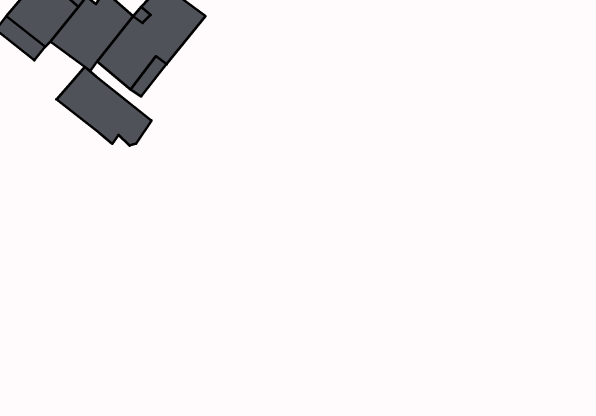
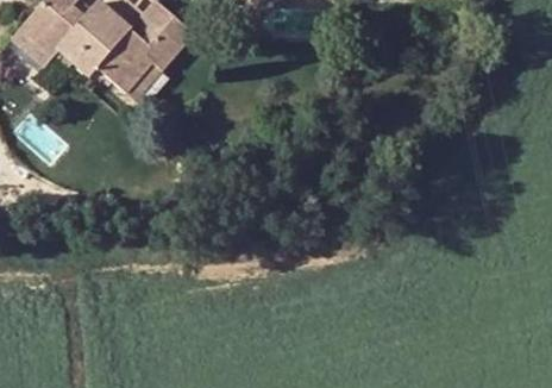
building: [56,67,151,146] -> none

